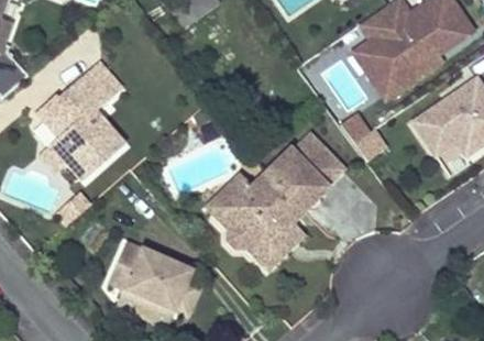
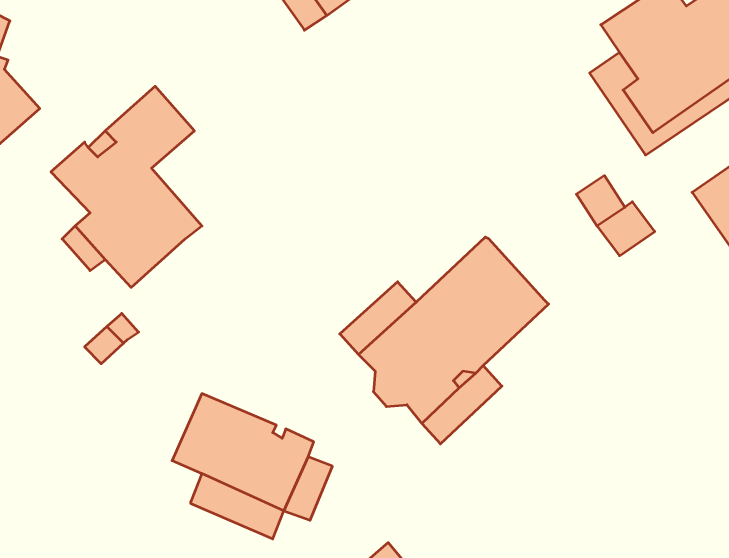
building: [294,133,345,186] -> none

